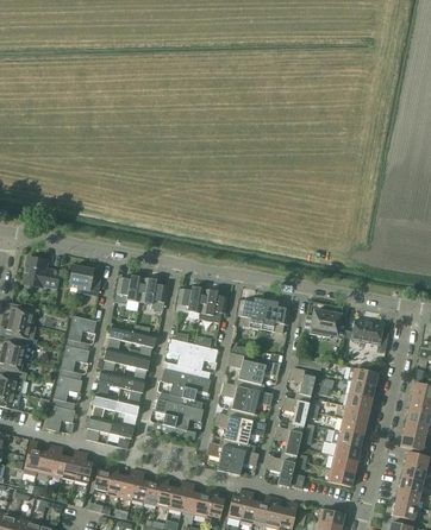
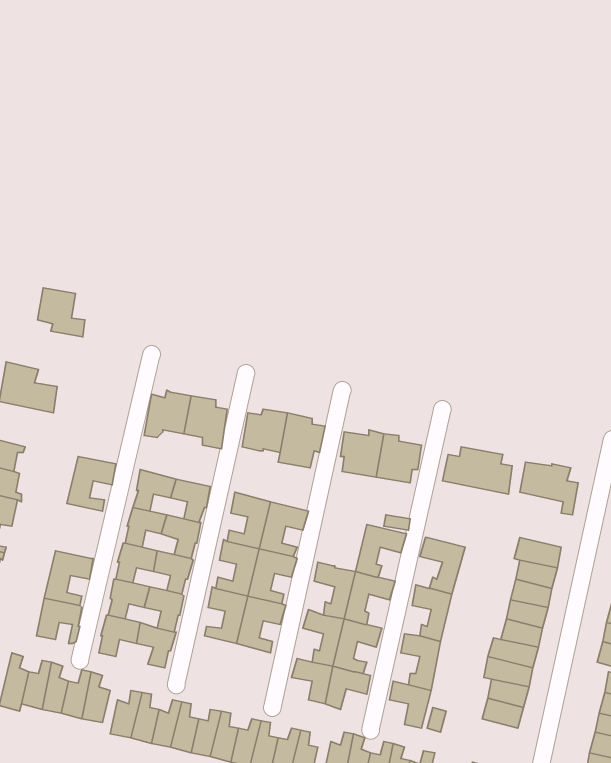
building: [69,266,99,297] -> [38,288,85,337]
building: [58,346,89,380] -> none
building: [229,353,255,389] -> none

